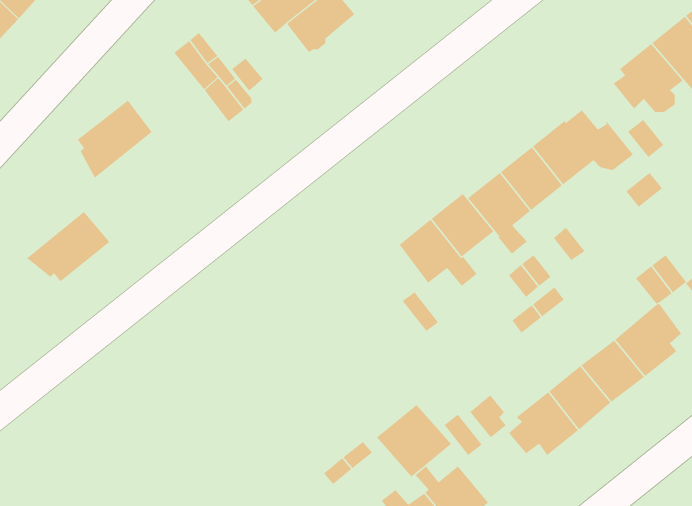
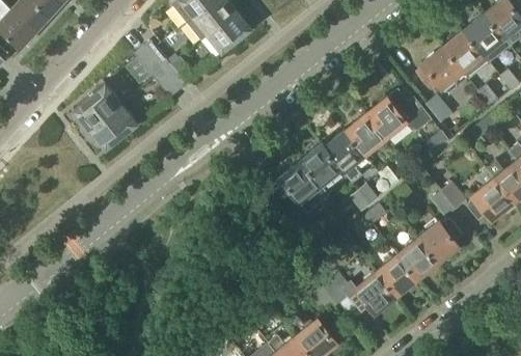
building: [26,211,110,282] -> [83,105,137,150]
building: [376,404,452,477] -> none

